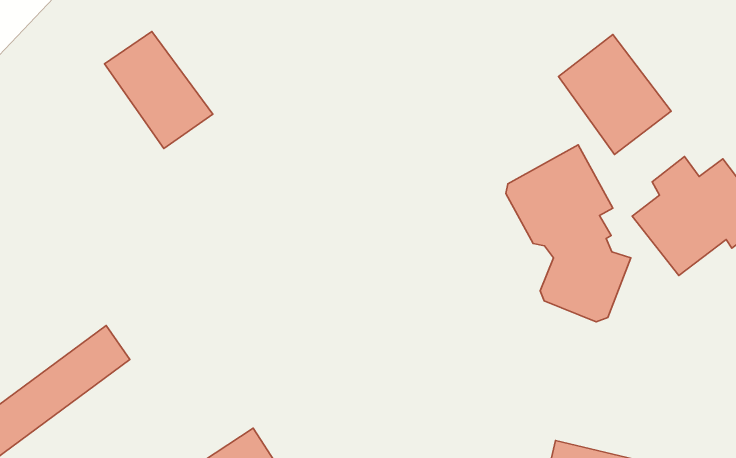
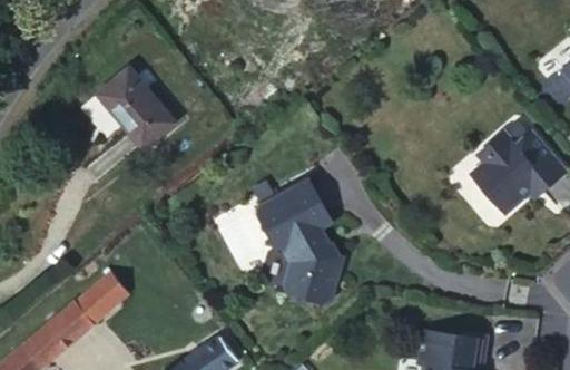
building: [559,34,671,155] -> none
building: [506,145,631,322] -> [262,174,351,295]

